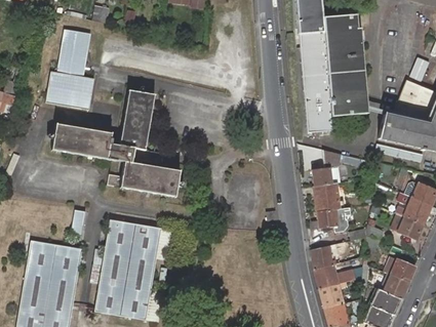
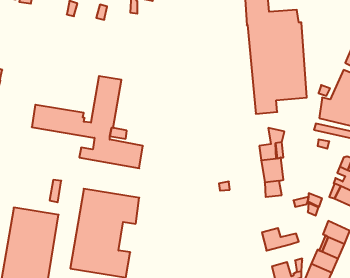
building: [45,29,93,110] -> none
building: [312,241,347,269] -> none
building: [320,282,349,308] -> none

